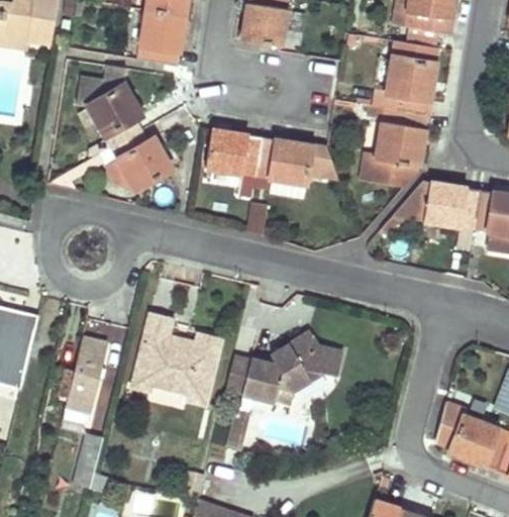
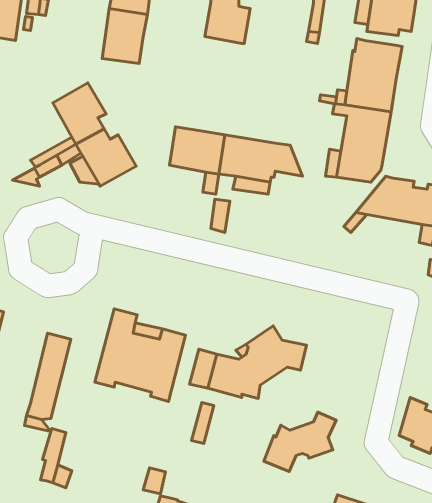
building: none -> [264,412,336,472]

